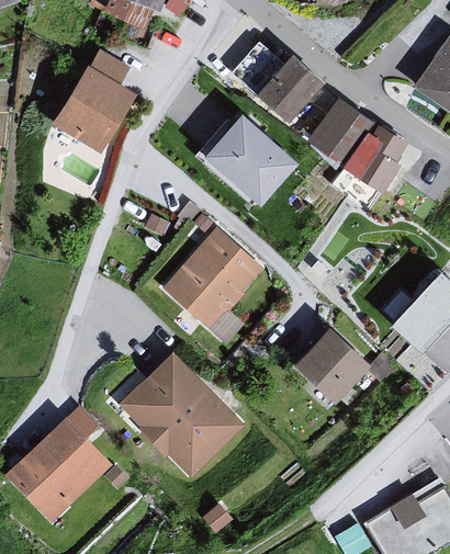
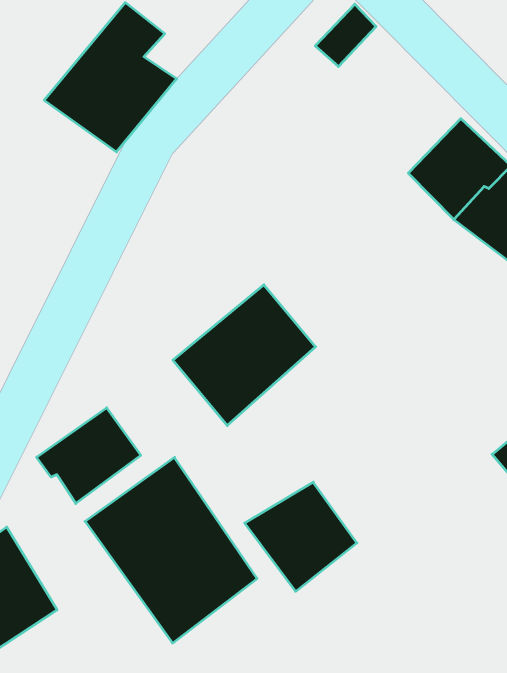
building: [259,55,325,122] -> none
building: [189,111,295,208] -> none
building: none -> [37,408,141,504]
building: [290,328,368,404] -> [245,482,357,591]

